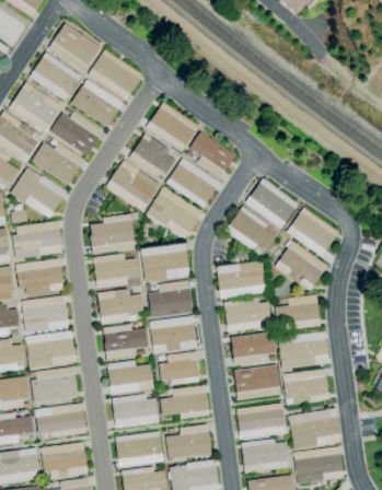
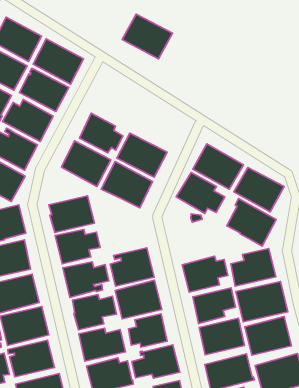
building: [146,103,199,152] -> [122,14,172,59]
building: [190,132,236,178] -> none
building: [141,244,189,282] -> none
building: [217,260,268,299] -> none

